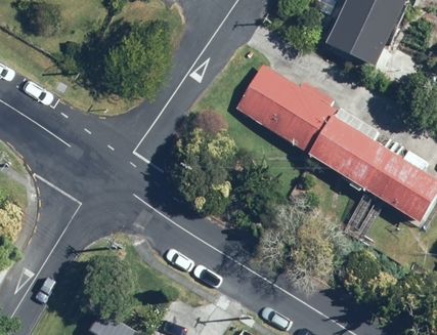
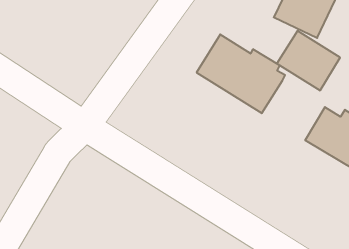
building: [311,120,386,191] -> [277,31,340,90]

